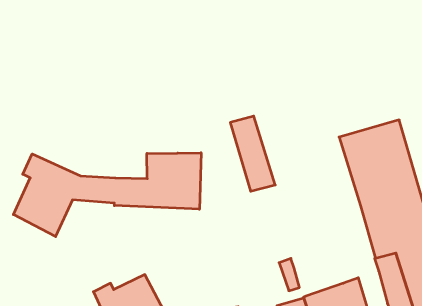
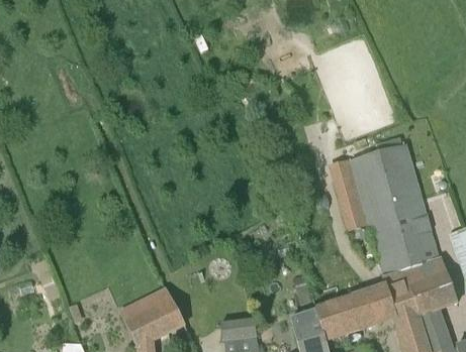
building: [230,116,275,191] -> [327,158,369,229]
building: [13,153,201,237] -> none

